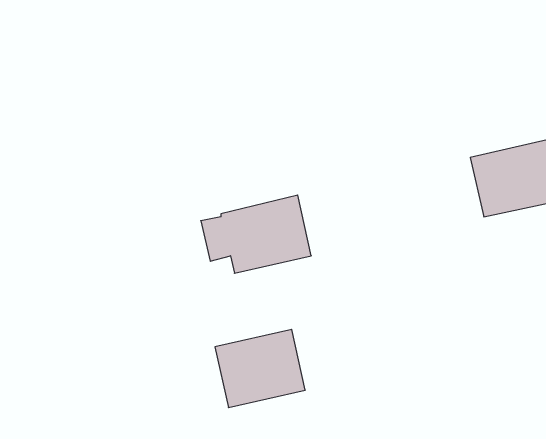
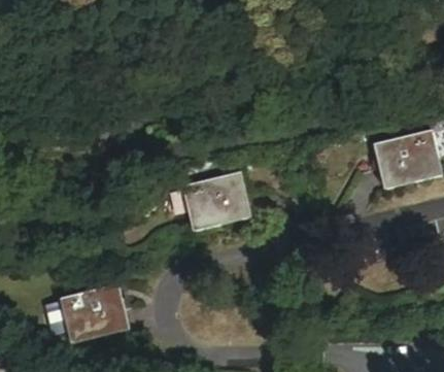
building: [215,329,305,408] -> [60,288,129,347]

